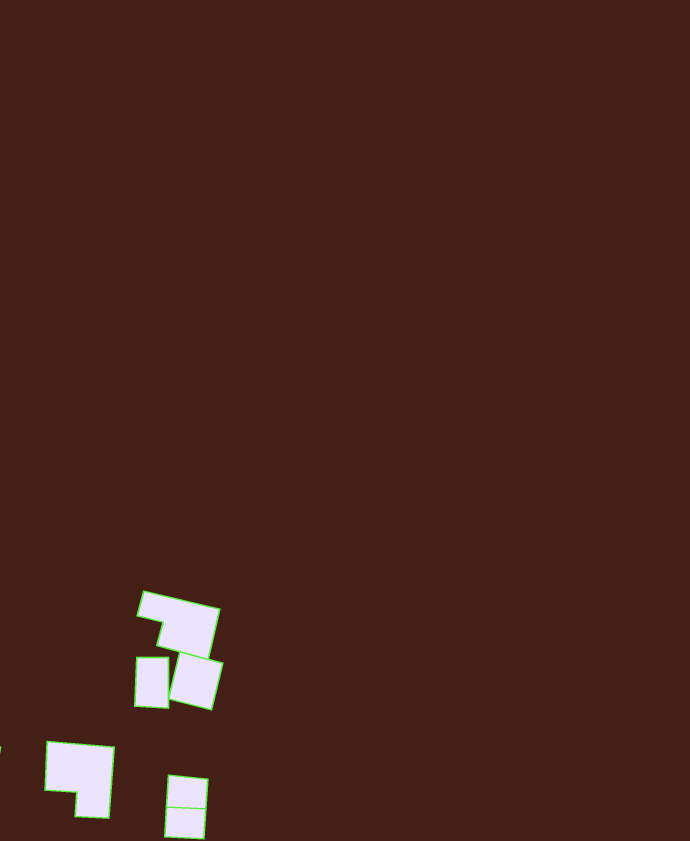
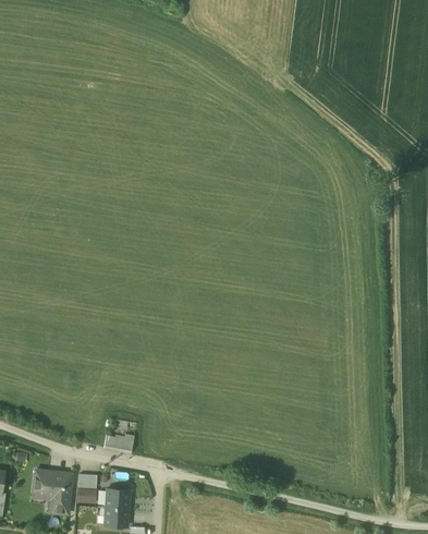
building: [137,591,220,659] -> none
building: [135,658,168,708] -> [75,475,95,505]

